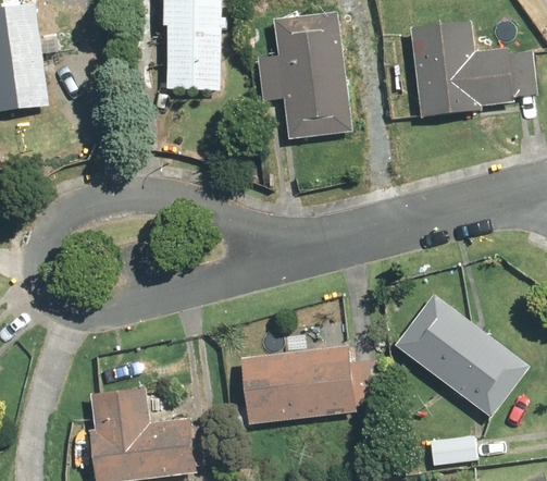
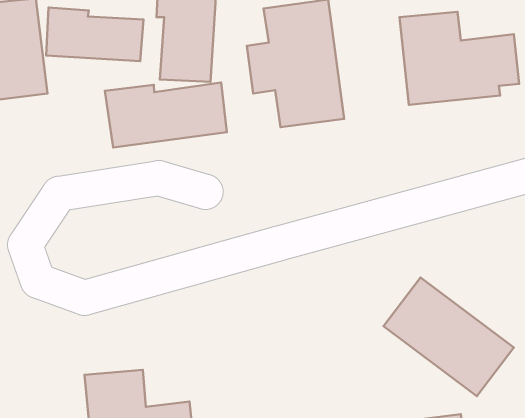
building: none -> [46,7,143,61]
building: none -> [105,83,227,147]
building: [238,338,378,424] -> none

